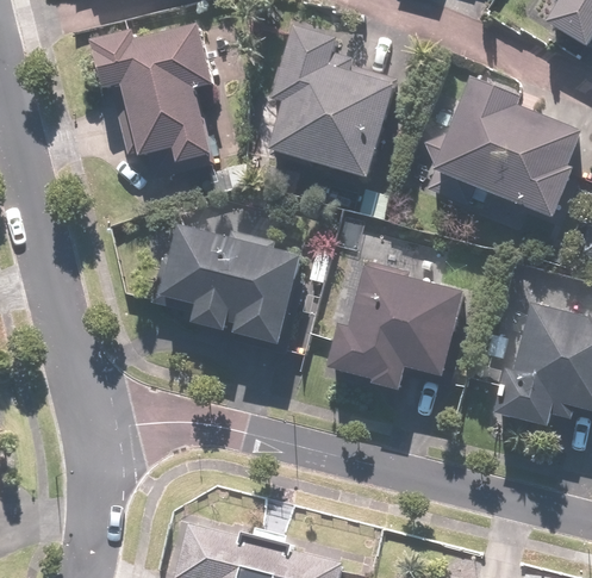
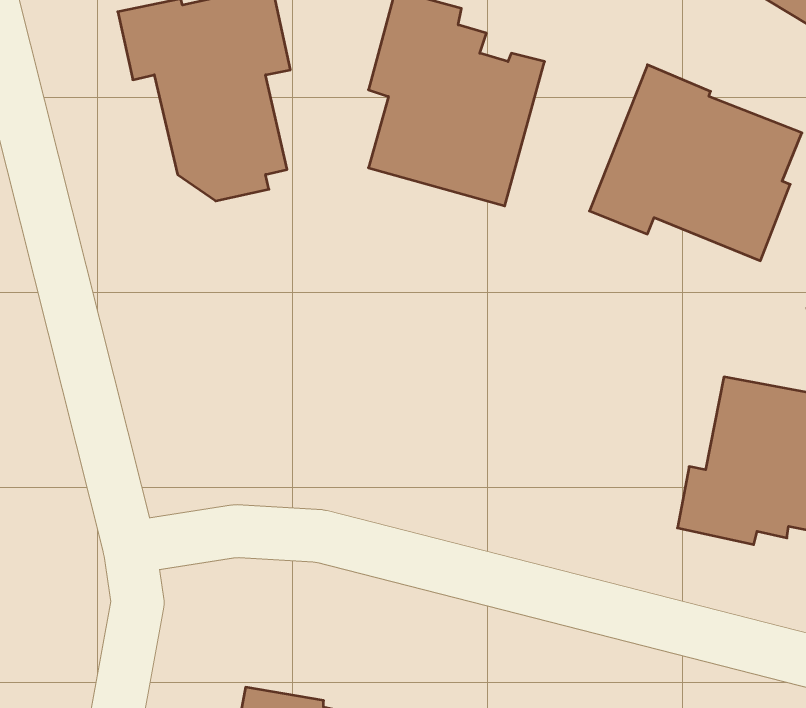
building: [155,223,300,346] -> none
building: [325,256,465,385] -> none

